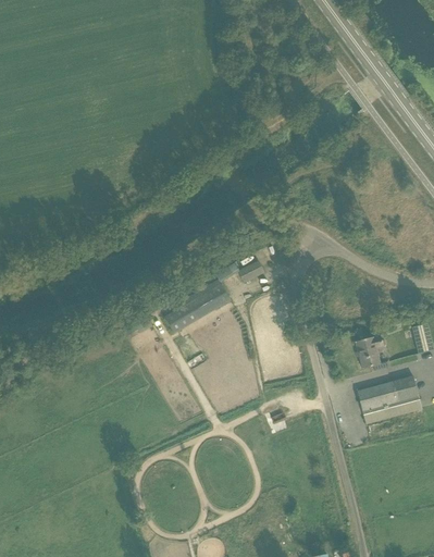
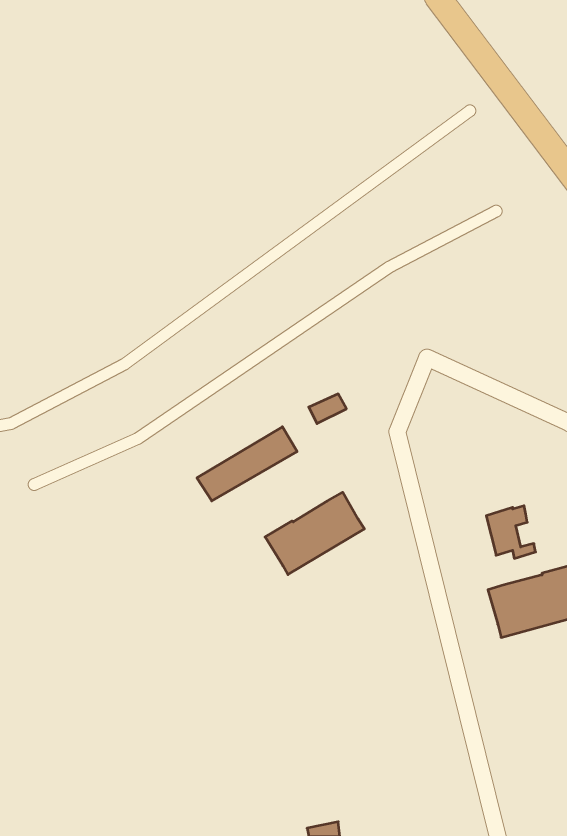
building: none -> [265,492,364,575]

